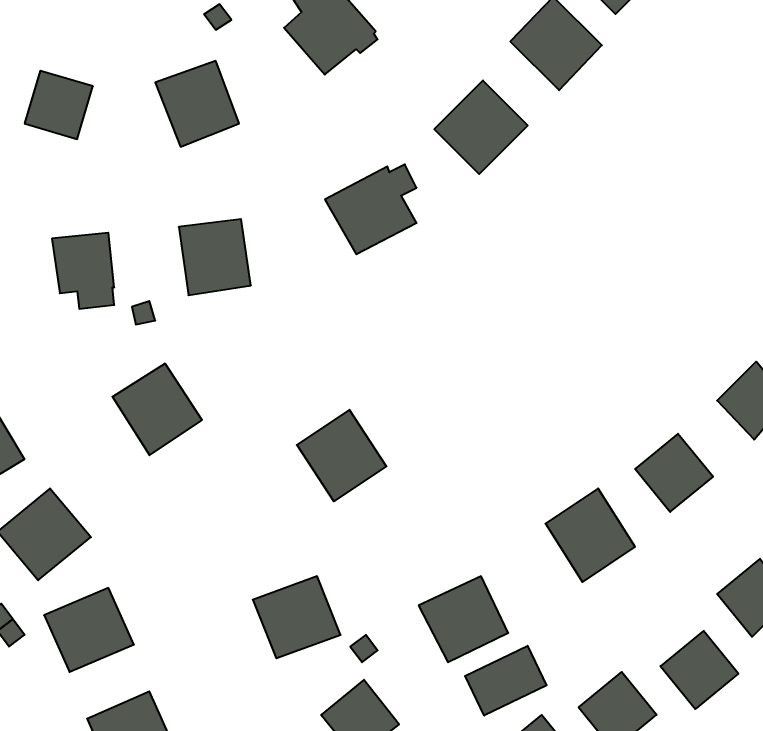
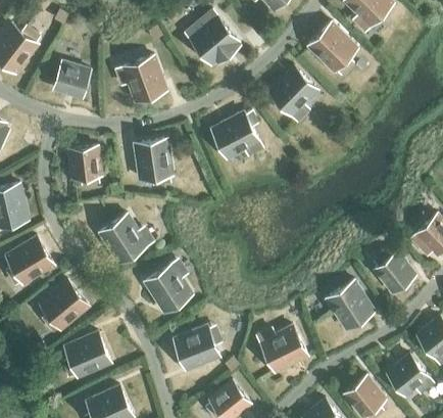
building: [297,410,387,501] -> [145,265,192,313]
building: [465,646,547,716] -> none

